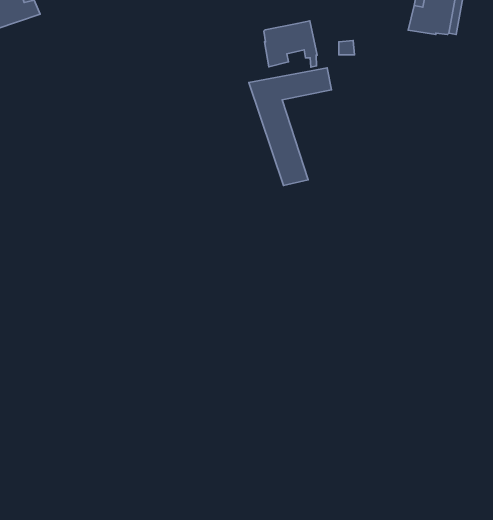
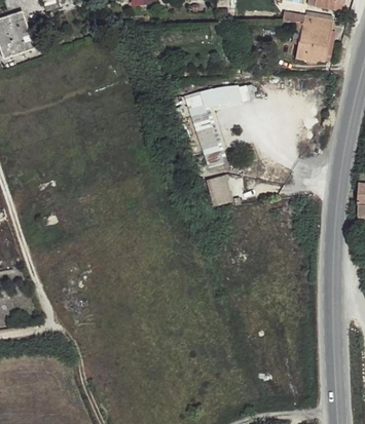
building: [264,21,317,67] -> none
building: none -> [207,174,234,208]

